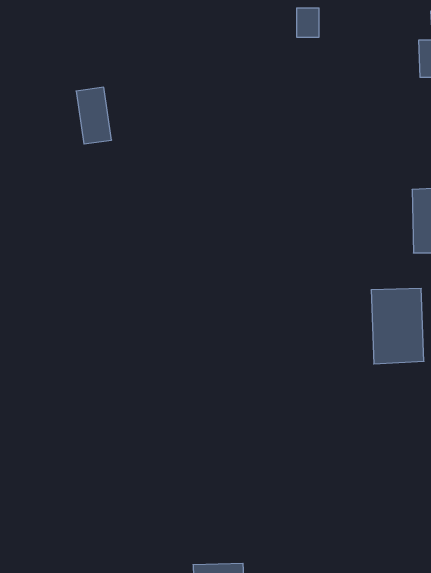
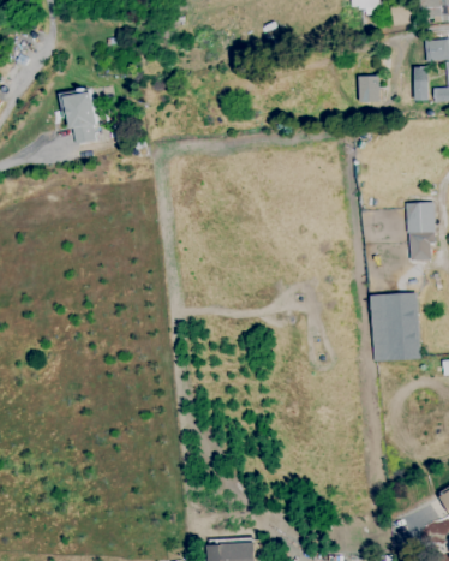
building: [297,8,319,37] -> [359,74,379,101]
building: [76,87,112,144] -> [66,91,98,143]

